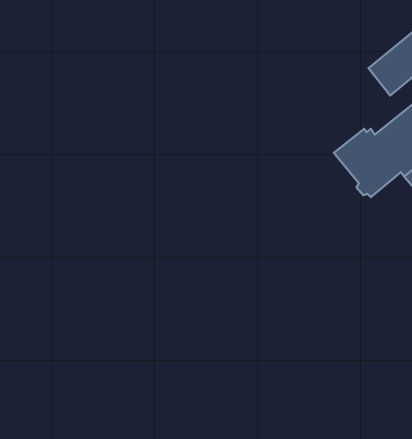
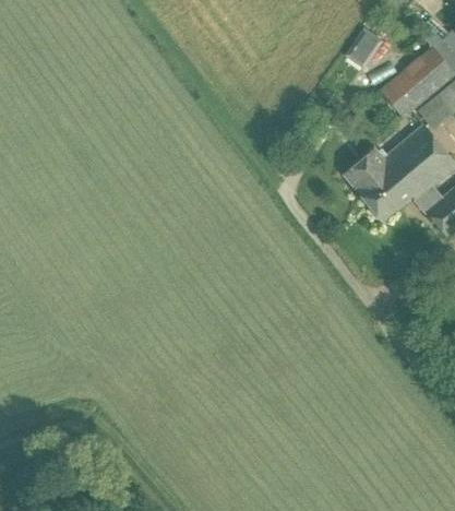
building: none -> [345,25,383,67]

